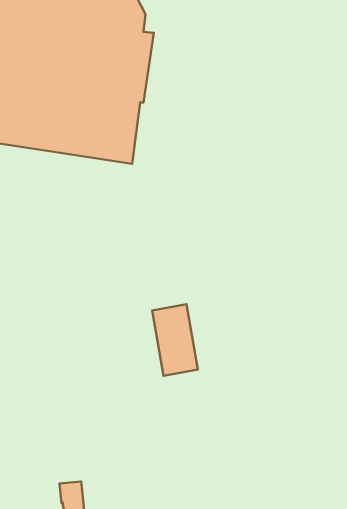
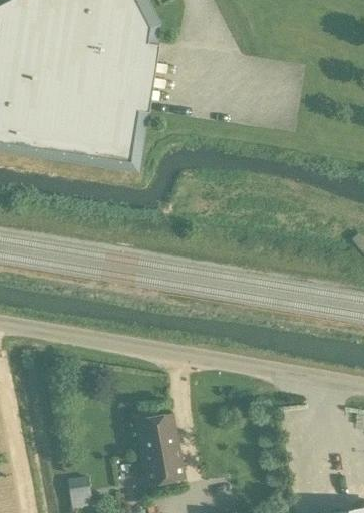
building: [152,304,198,376] -> [139,414,184,483]

